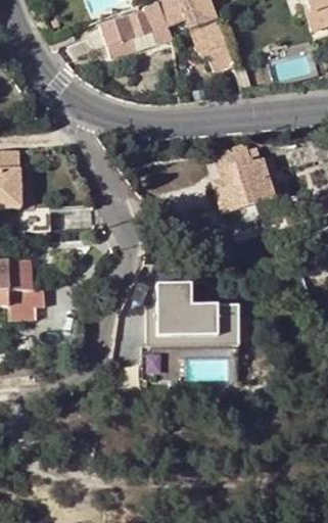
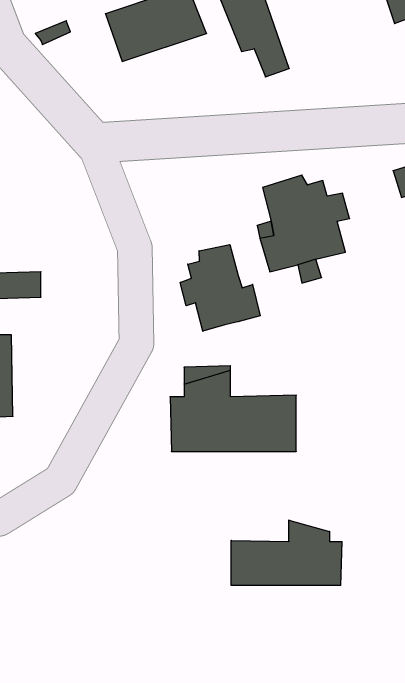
building: none -> [180,245,260,331]
building: none -> [231,520,342,585]

